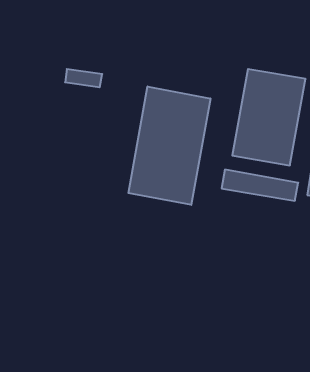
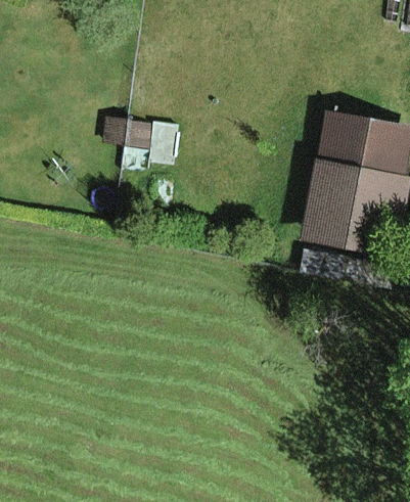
building: [128,86,210,205] -> none

